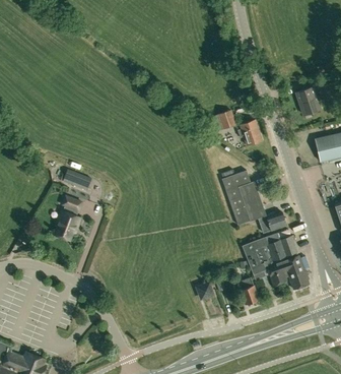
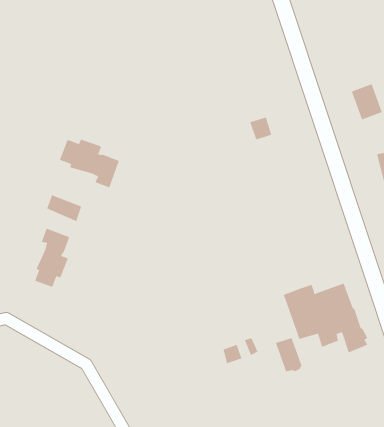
building: [238,119,263,145] -> none
building: none -> [59,139,120,189]
building: [222,170,286,233] -> none

